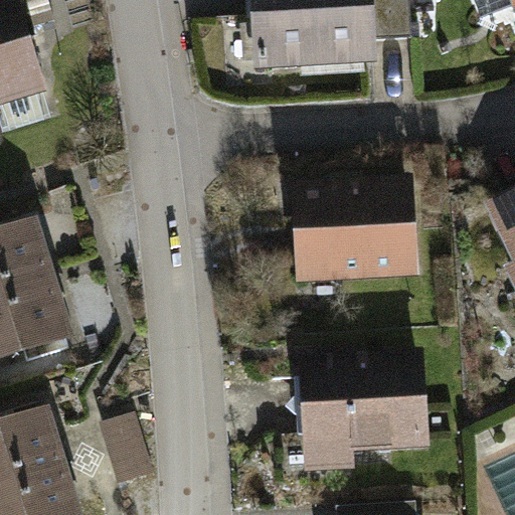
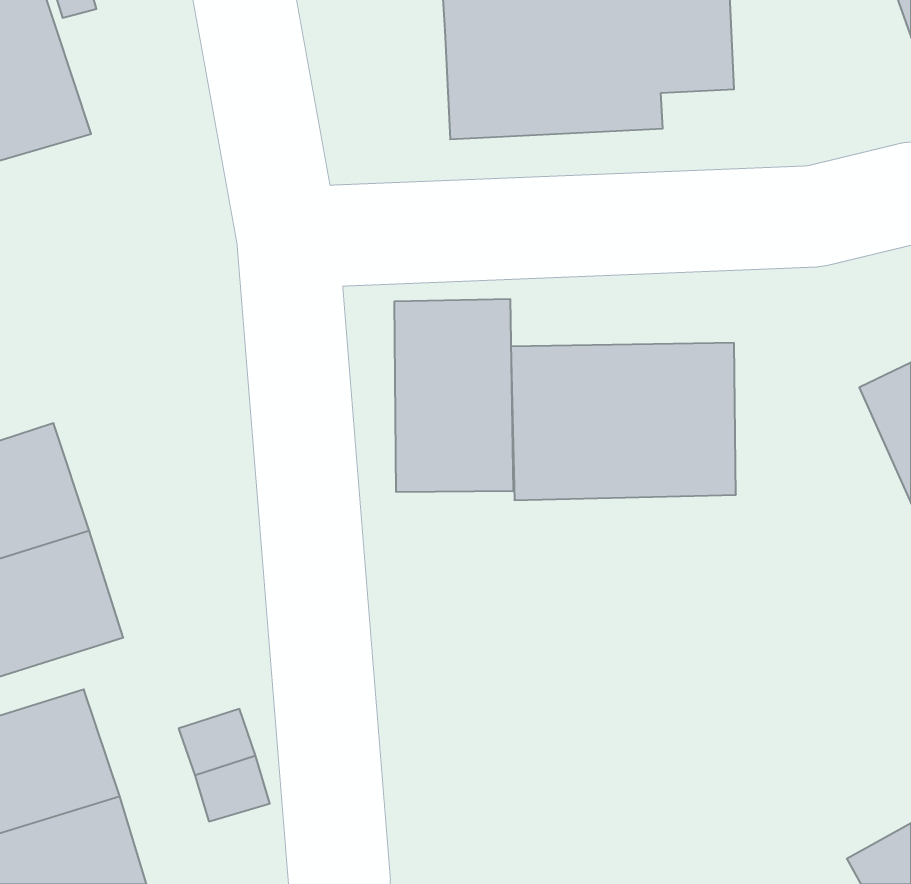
building: none -> [395,299,513,492]
building: [299,366,427,480] -> none

